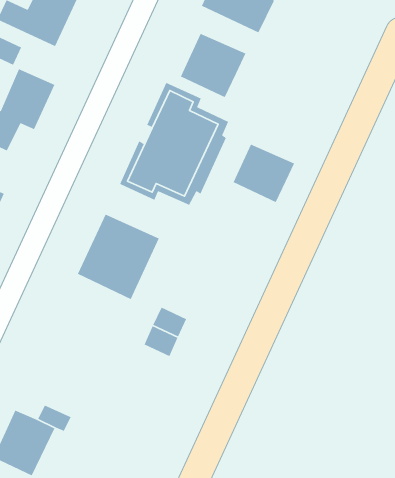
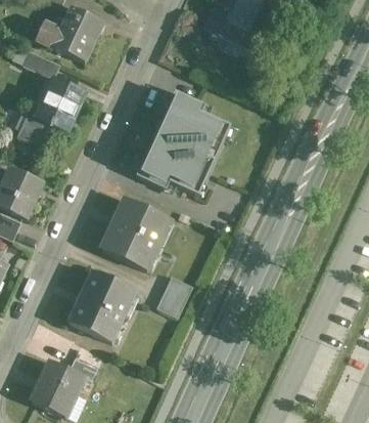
building: [180,33,247,98] -> none
building: [232,143,295,203] -> none
building: none -> [68,271,135,342]

